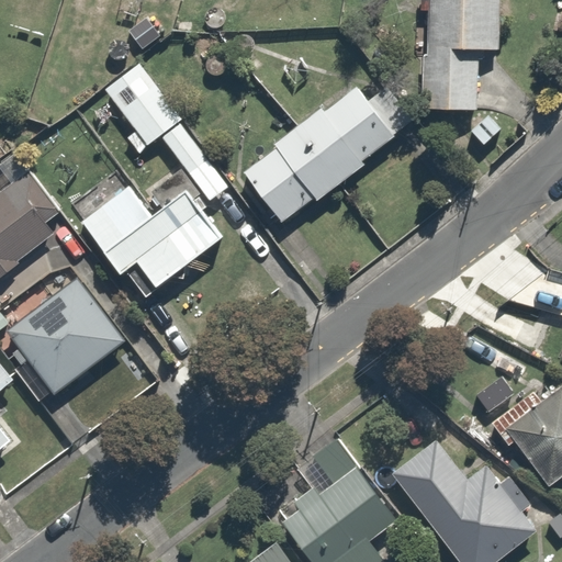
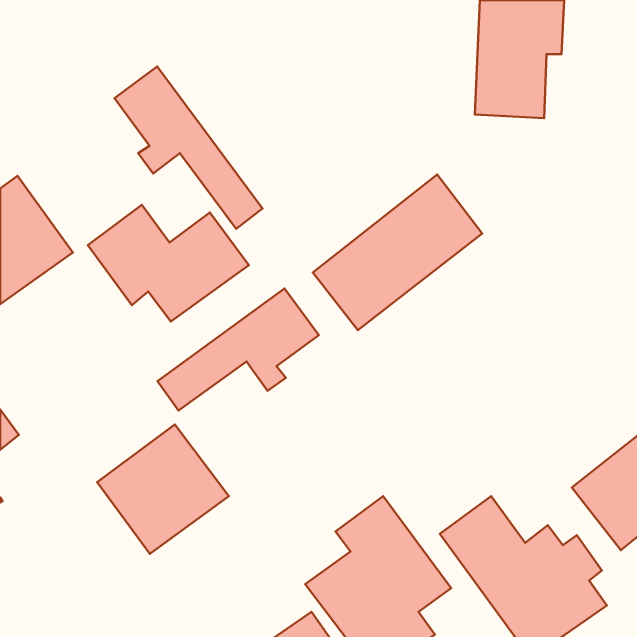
building: [245,90,393,226] -> [313,174,482,330]
building: none -> [157,288,319,411]
building: [9,278,124,391] -> [97,425,229,554]

